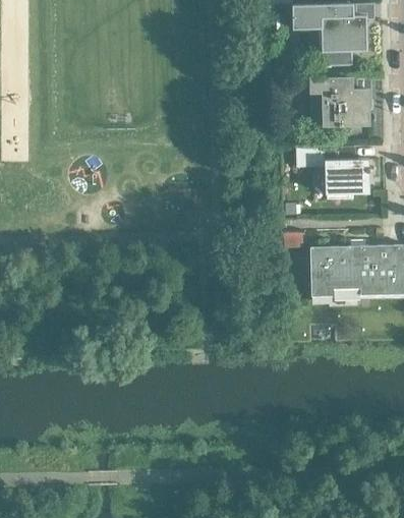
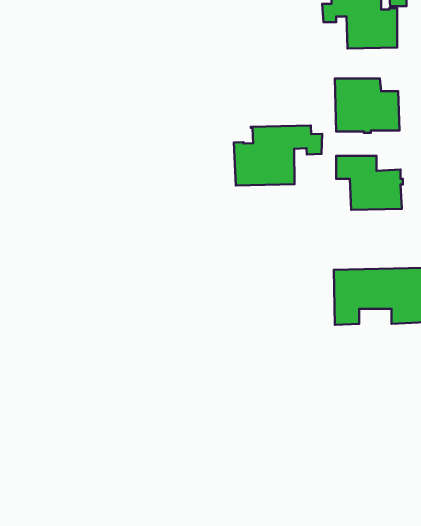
building: none -> [234,125,322,185]

